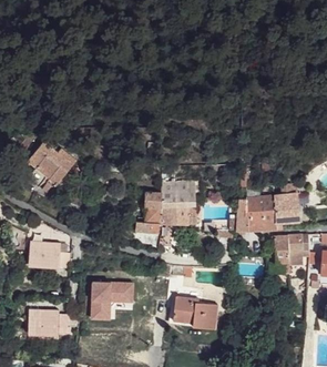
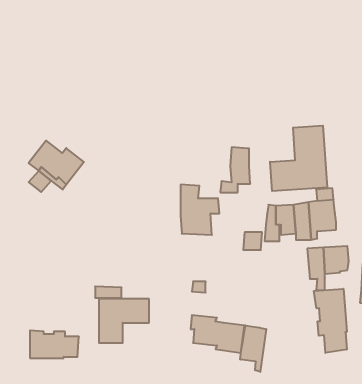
building: none -> [270,126,327,191]
building: [136,192,163,232] -> [220,147,250,192]
building: [29,242,71,267] -> none
building: none -> [314,289,347,353]
building: none -> [240,325,266,372]

